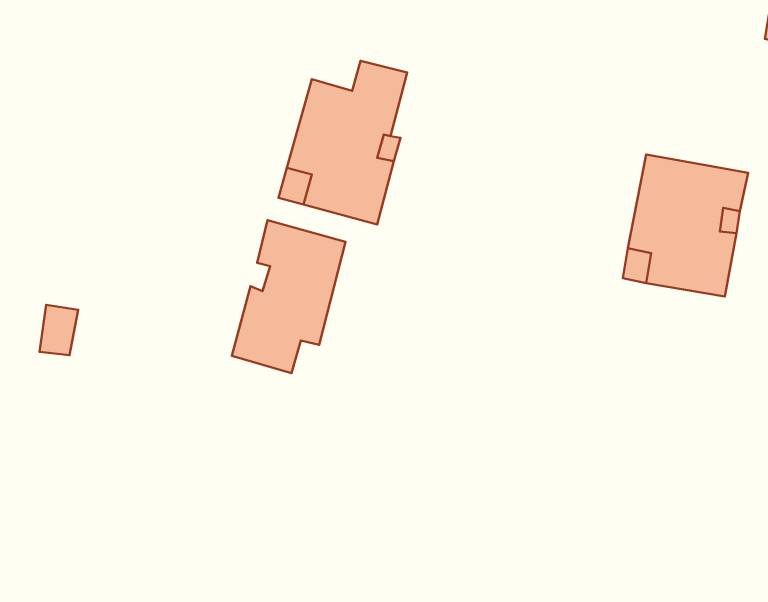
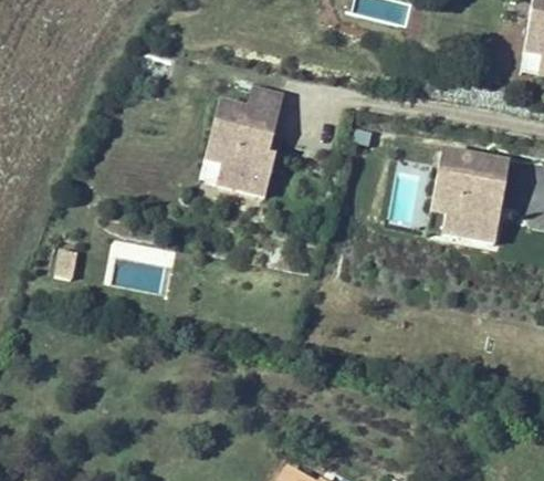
building: [232,220,346,373] -> none

